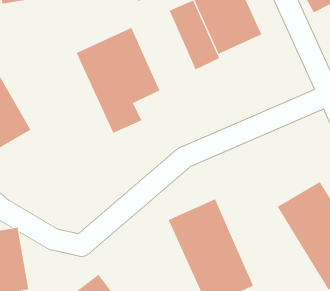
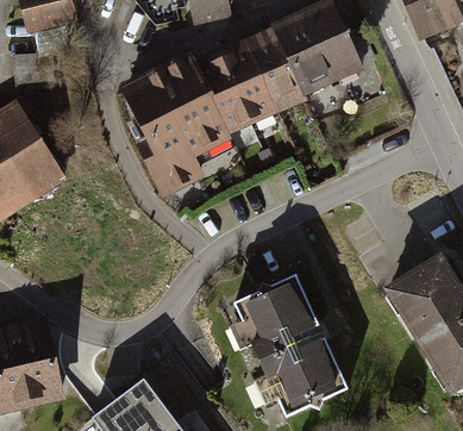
building: none -> [193,35,275,133]

